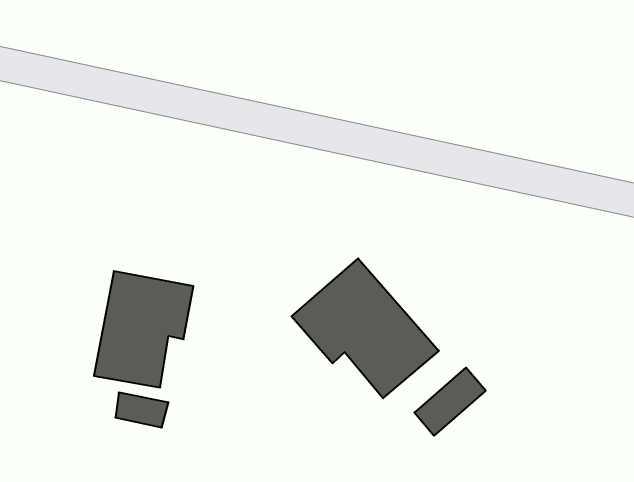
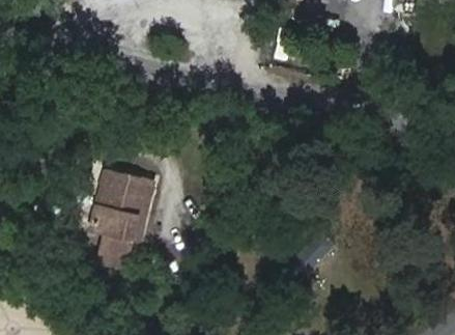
building: [292,258,439,398] -> none

